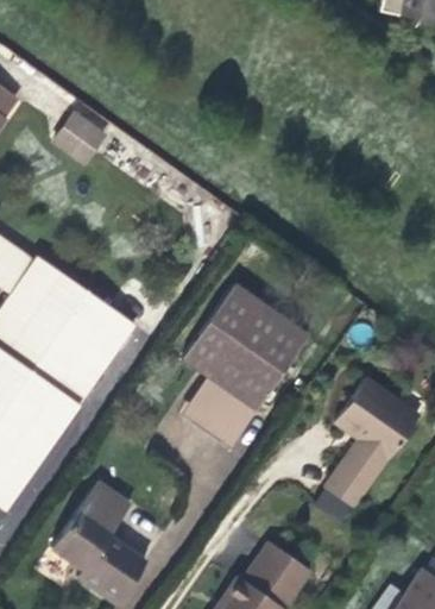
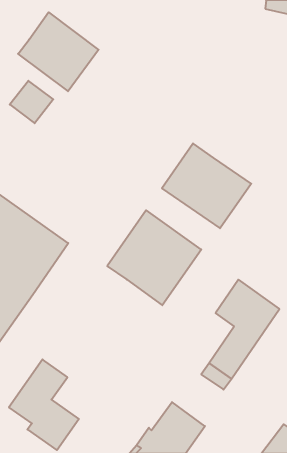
building: none -> [18,12,99,91]
building: none -> [162,143,251,228]
building: [183,375,258,446] -> none

